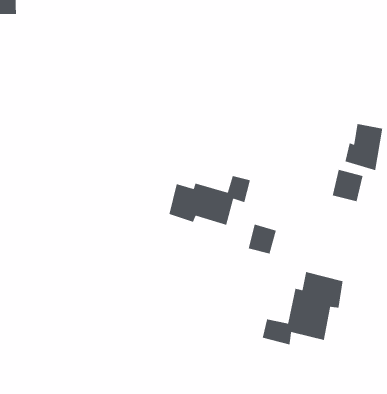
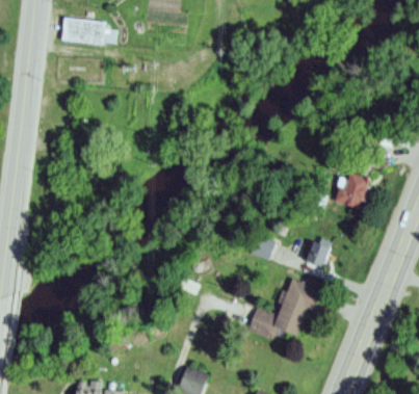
building: [332,169,363,202] -> [306,239,333,267]
building: [168,175,251,226] -> none

